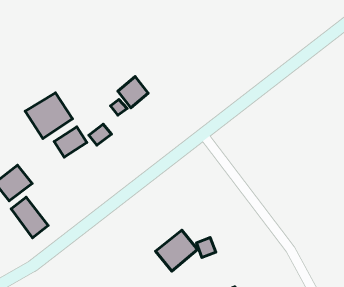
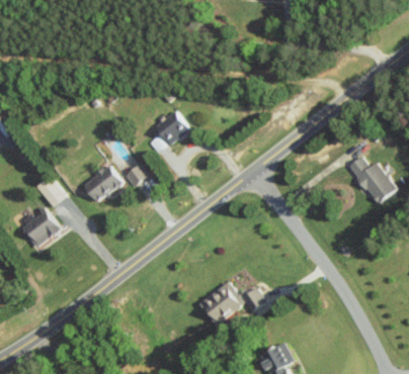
building: [25,93,72,139] -> none
building: none -> [347,157,397,204]
building: [11,197,48,238] -> none

